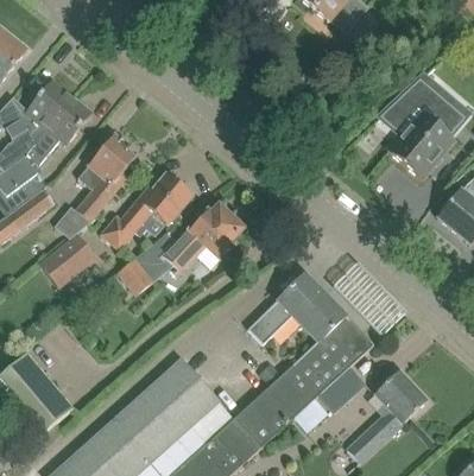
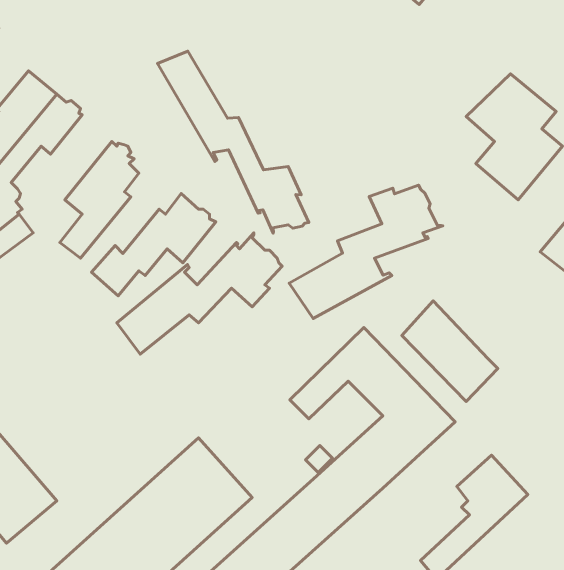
building: none -> [157,51,309,233]
building: none -> [289,185,443,319]
building: [39,233,96,287] -> none
building: [318,367,366,412] -> none

